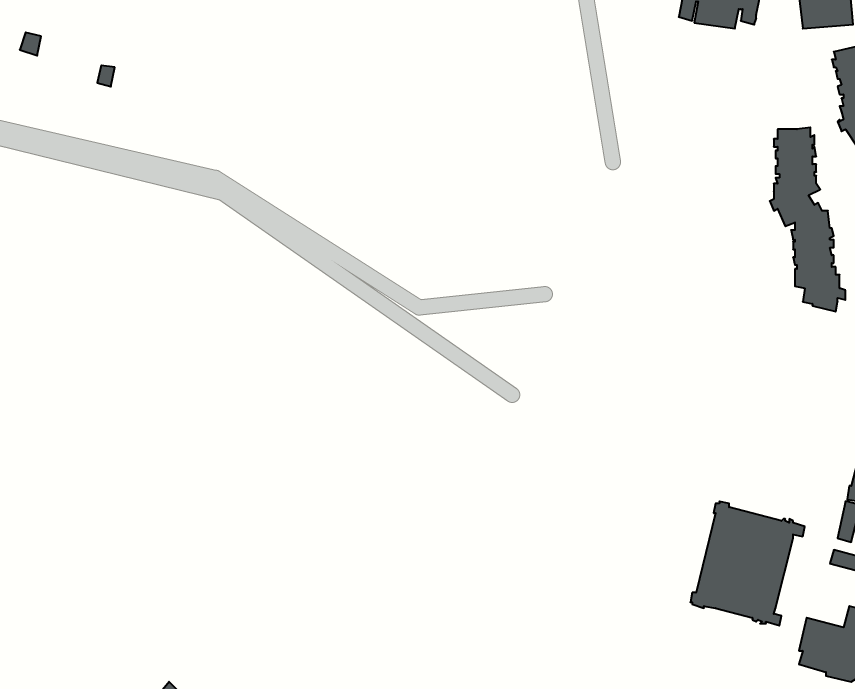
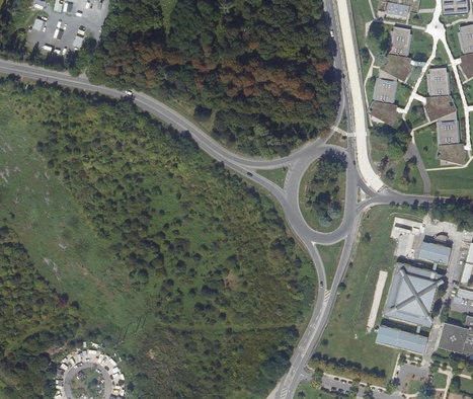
building: none -> [370,26,411,123]
building: none -> [420,234,450,264]
building: none -> [376,326,426,353]

